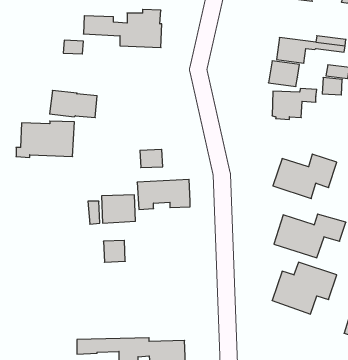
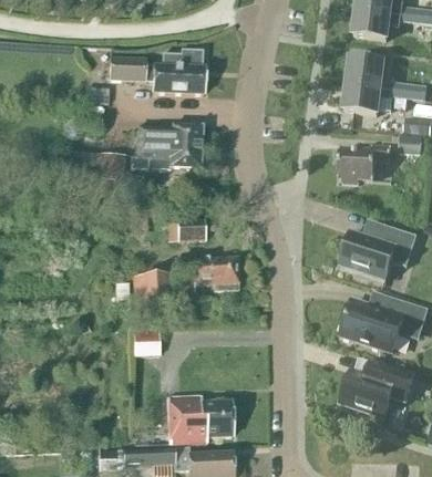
building: [268,61,299,86] -> [347,56,384,87]
building: [16,121,74,157] -> [131,125,202,169]
building: none -> [169,396,232,443]

